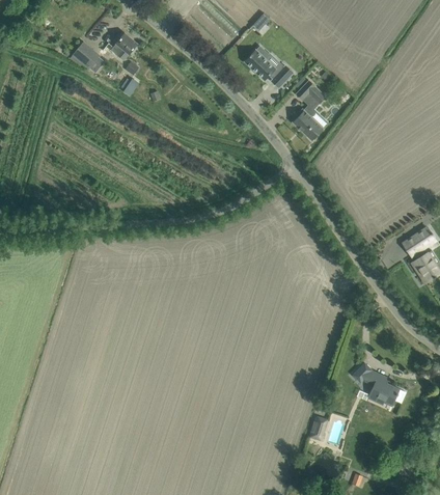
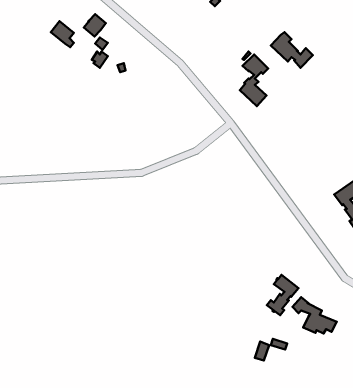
building: [244,46,293,87] -> [271,32,313,68]
building: none -> [267,275,299,315]

